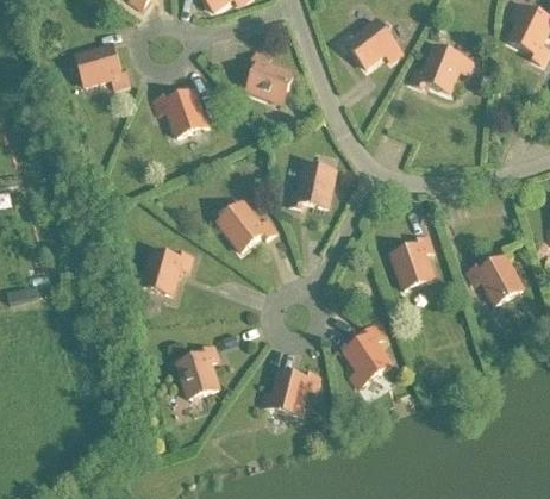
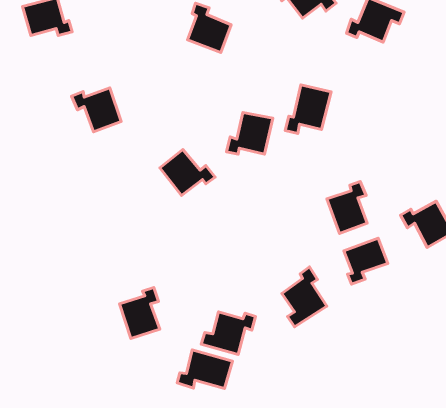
building: [155,89,206,135] -> [72,88,121,132]
building: none -> [285,85,331,133]
building: [135,249,192,293] -> none
building: none -> [344,238,388,284]
building: none -> [177,350,233,388]

